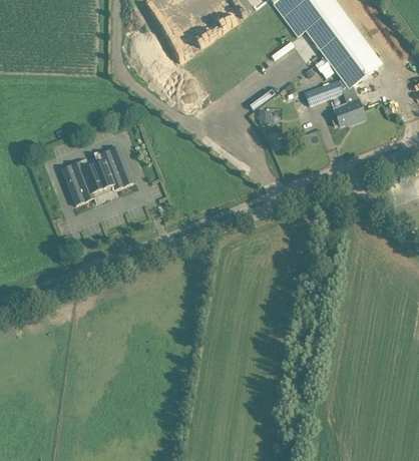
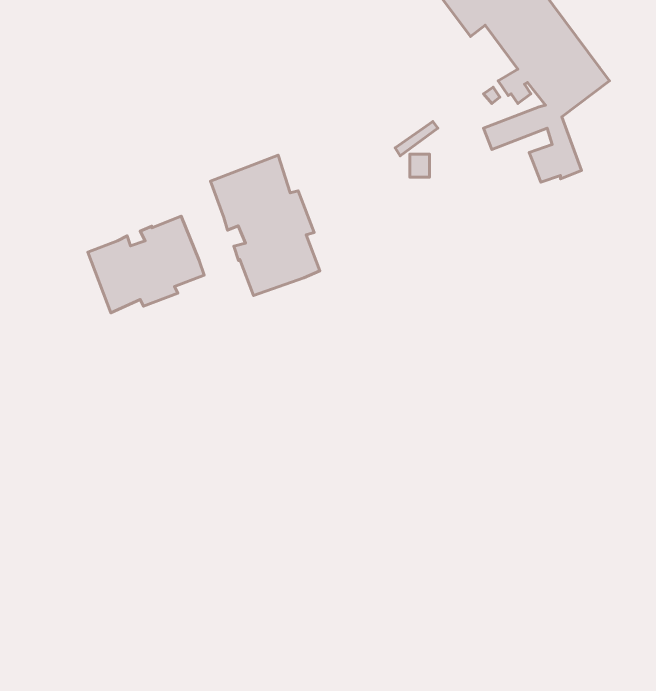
building: none -> [210,155,320,296]

